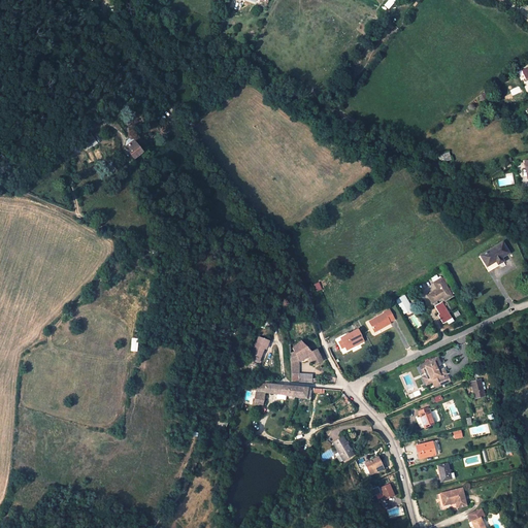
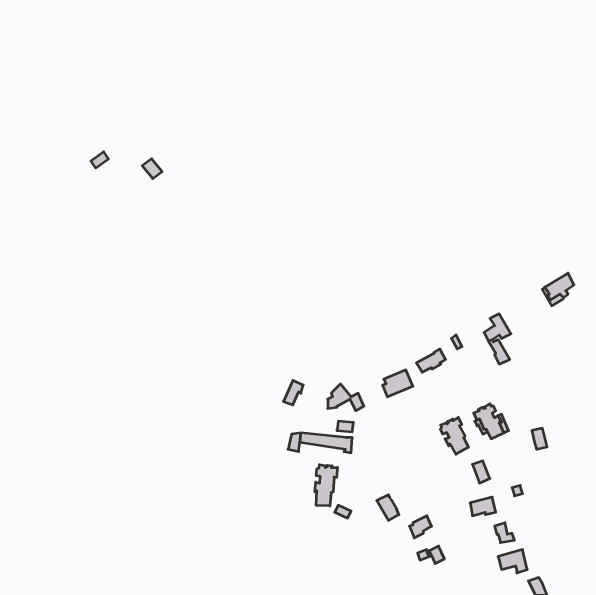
building: none -> [440,417,468,454]
building: none -> [315,465,337,506]

